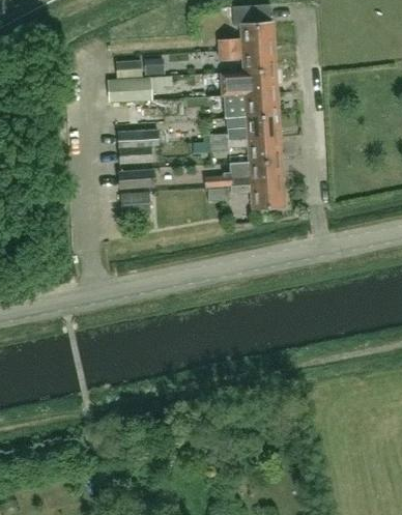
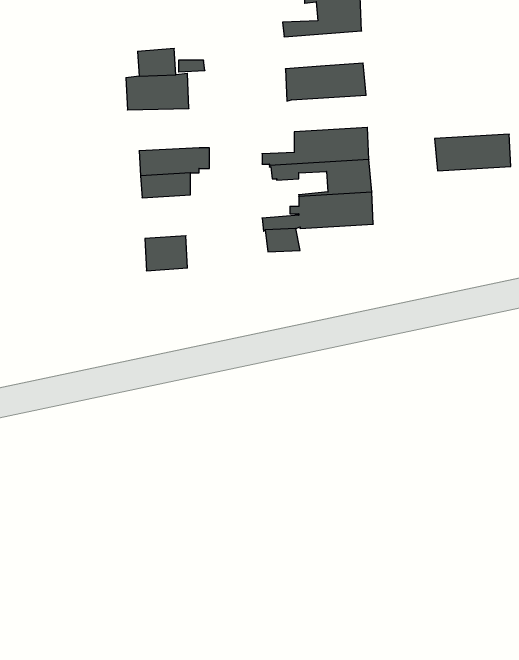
building: [220,46,276,70] -> none
building: [225,91,279,117] -> [435,134,511,171]
building: [119,168,154,187] -> none
building: [231,182,284,207] -> none

